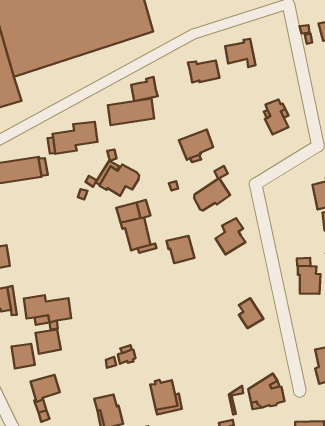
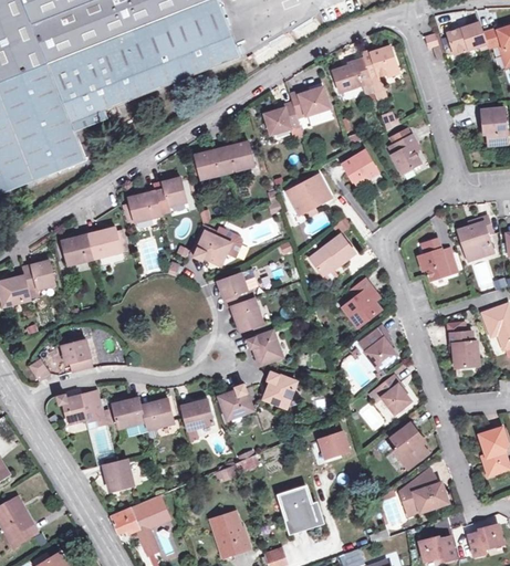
building: none -> [361,44,397,96]
building: [131,77,158,101] -> [266,102,300,134]
building: none -> [342,148,378,180]
building: none -> [418,237,457,279]
building: [166,236,194,263] -> [247,329,283,365]
building: none -> [360,326,396,369]
building: none -> [263,370,296,408]
building: none -> [218,384,253,419]
building: [36,329,61,354] -> [180,398,214,430]
building: none -> [392,422,428,468]
building: none -> [319,430,354,462]
building: none -> [110,505,139,532]

